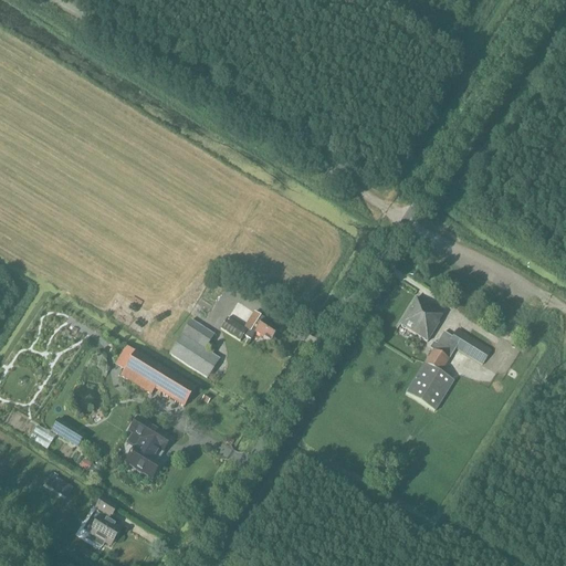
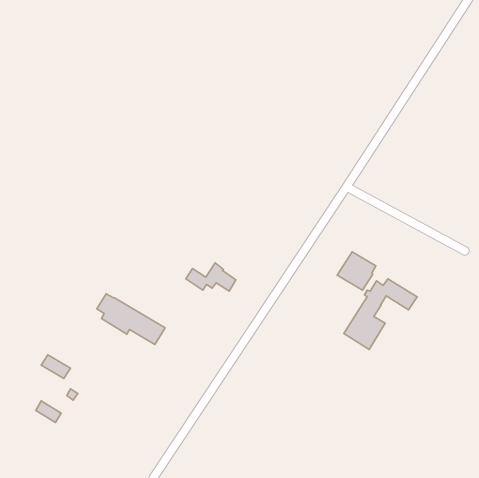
building: [168,318,219,378] -> none
building: [125,417,170,478] -> none
building: [87,496,120,546] -> none

